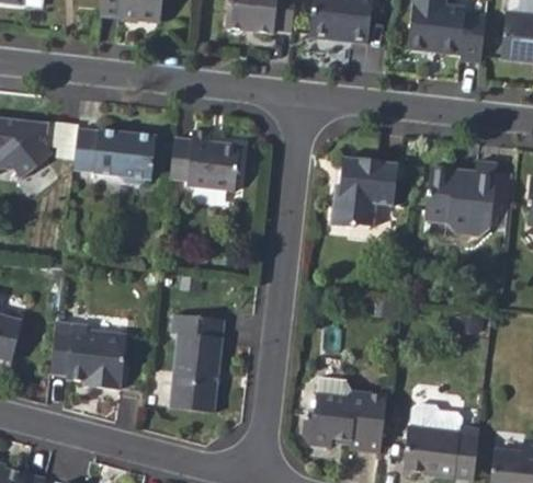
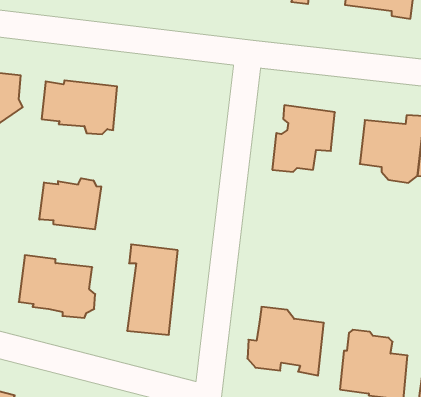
building: [170,133,241,192] -> none
building: none -> [39,178,101,229]

